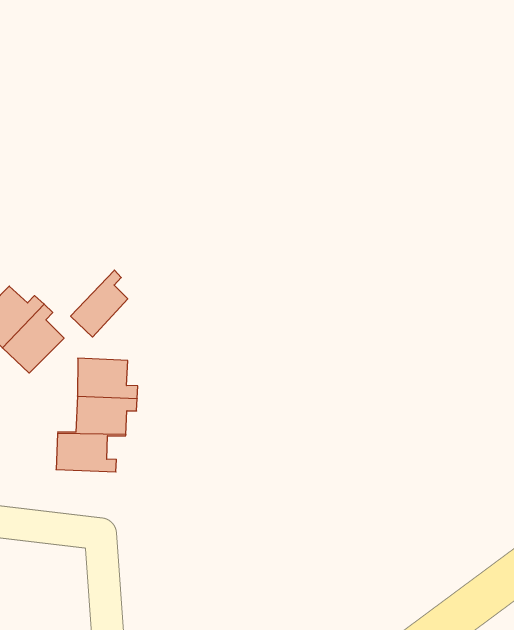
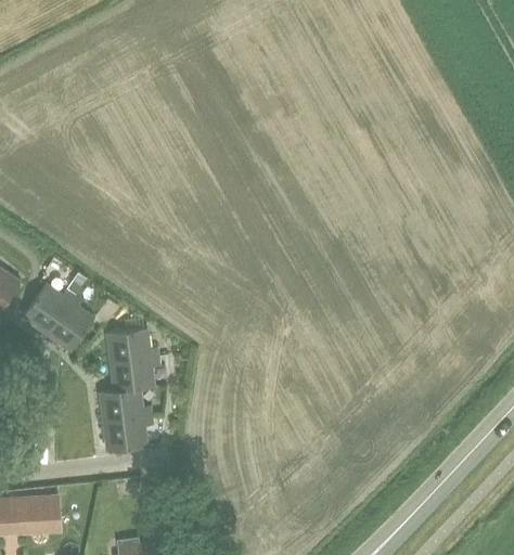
building: [71,270,128,337] -> none
building: none -> [103,417,151,452]

